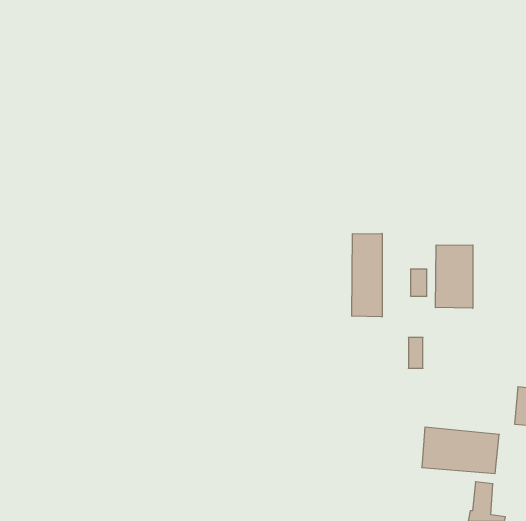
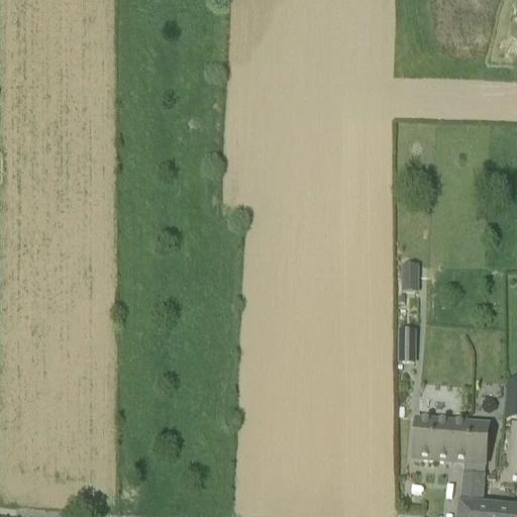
building: [352,233,382,317] -> none
building: [435,245,473,308] -> none

